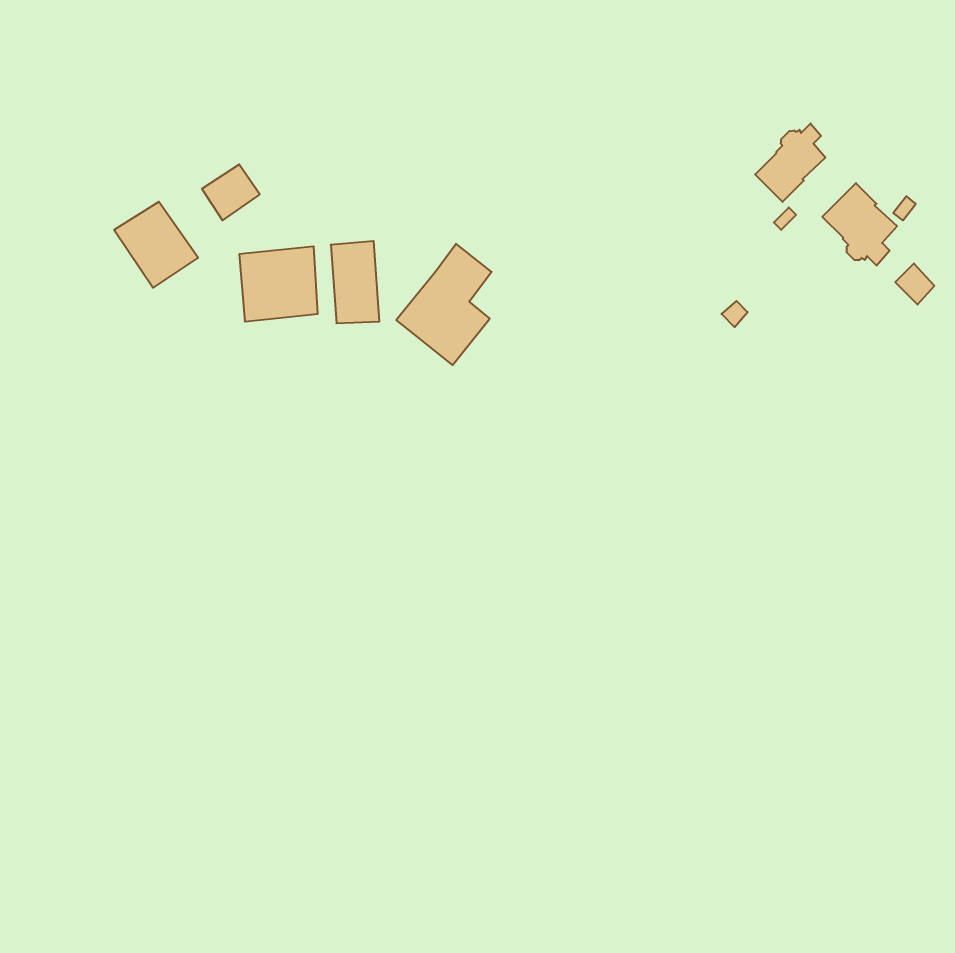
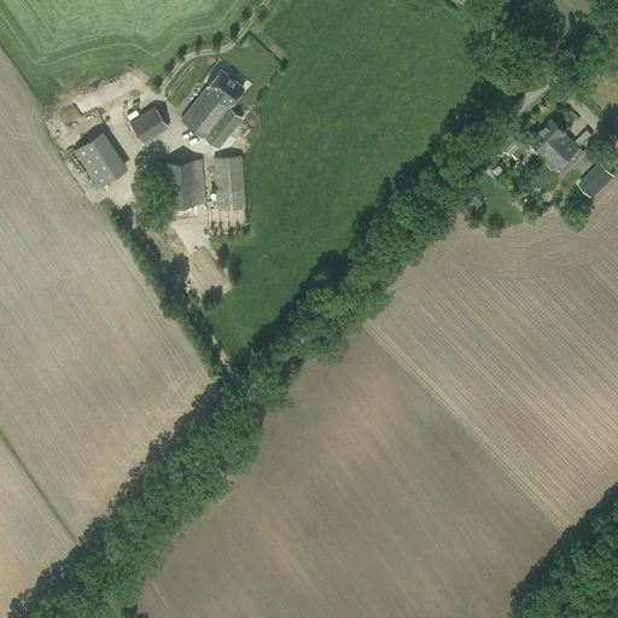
building: [755,123,825,202] -> none
building: [396,244,492,365] -> [181,70,243,148]

